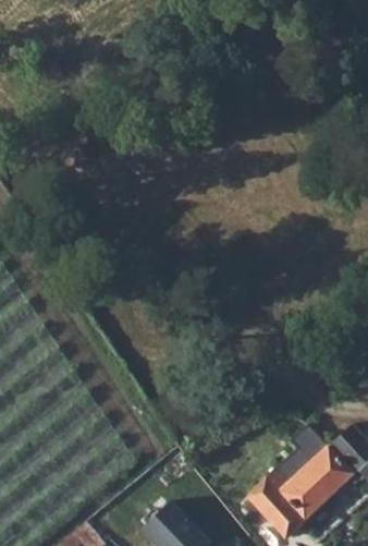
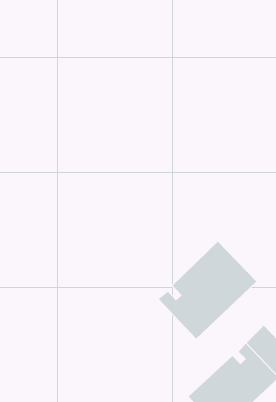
building: none -> [158,241,257,339]

